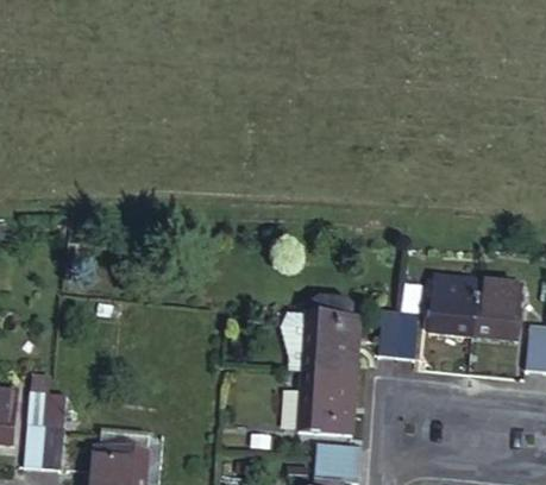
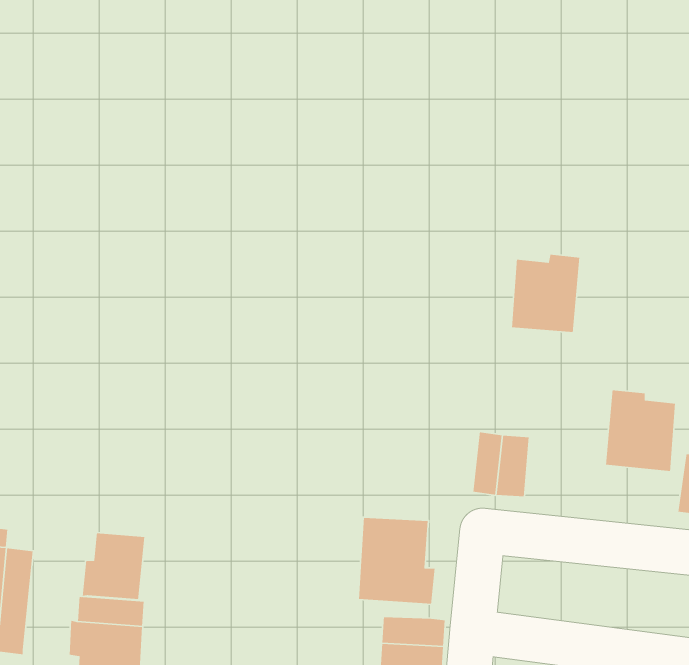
building: [429,279,478,335] -> [511,254,580,333]
building: [302,313,360,374] -> none
building: none -> [82,533,145,600]

